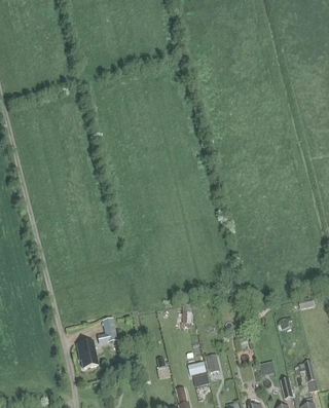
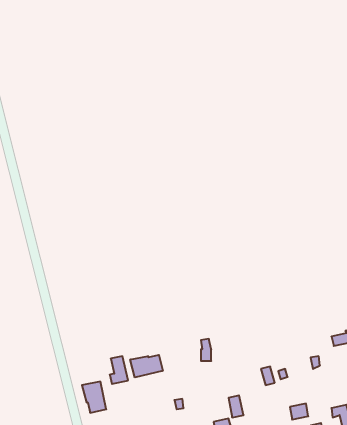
building: none -> [130,355,163,377]

